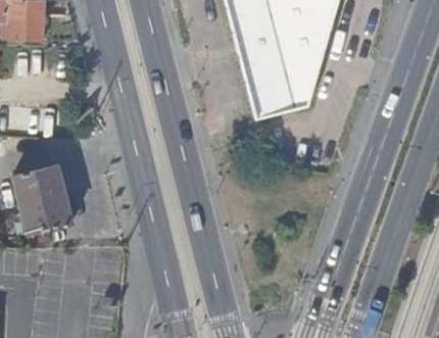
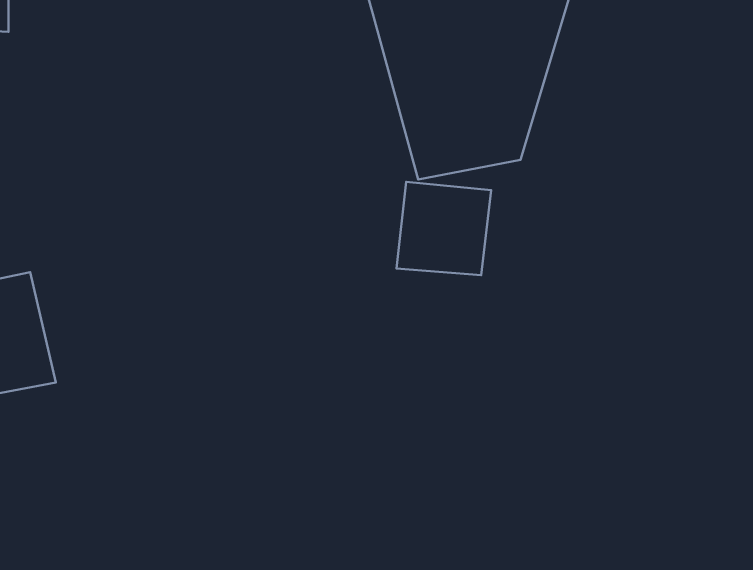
building: none -> [397,182,491,275]

